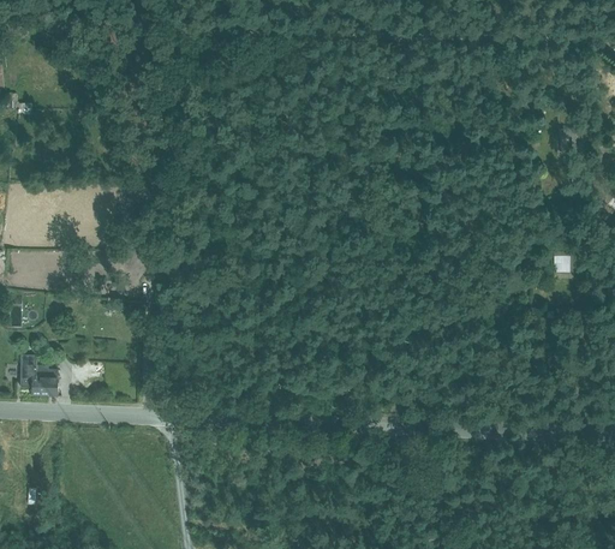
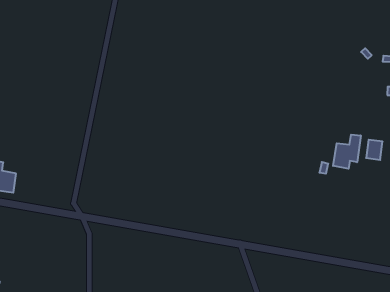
building: none -> [333,135,361,169]

